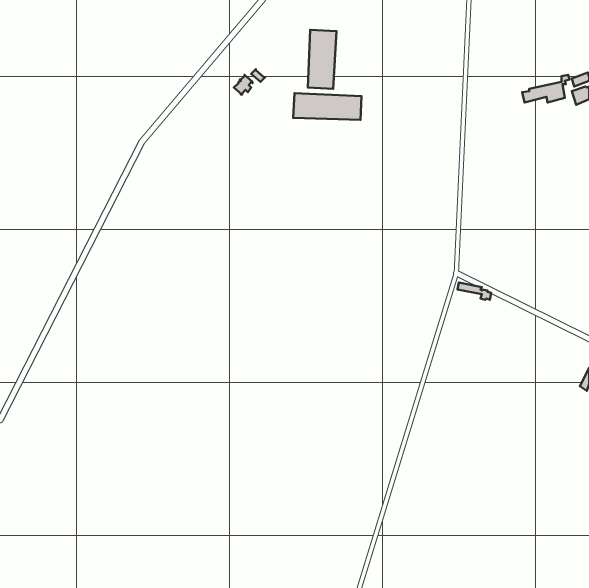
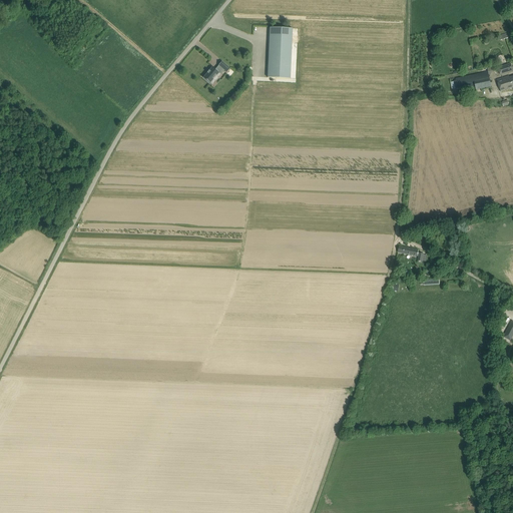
building: [293,93,362,120] -> none

